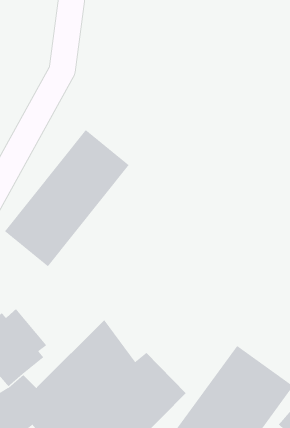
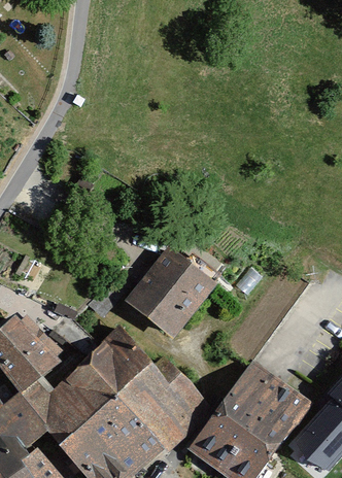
building: [4,129,130,267] -> none
building: none -> [130,246,217,334]

